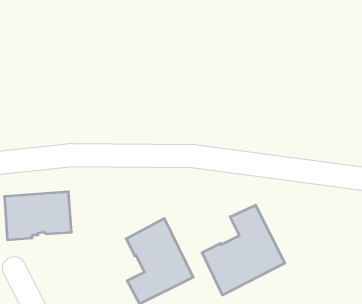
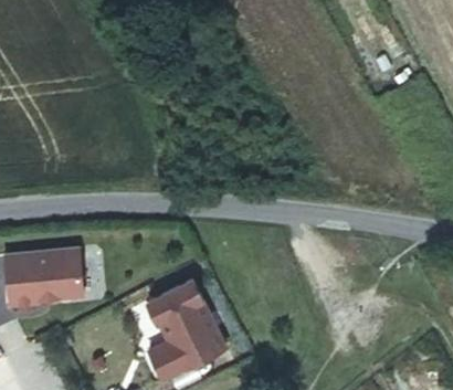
building: [202,205,285,295] -> none

